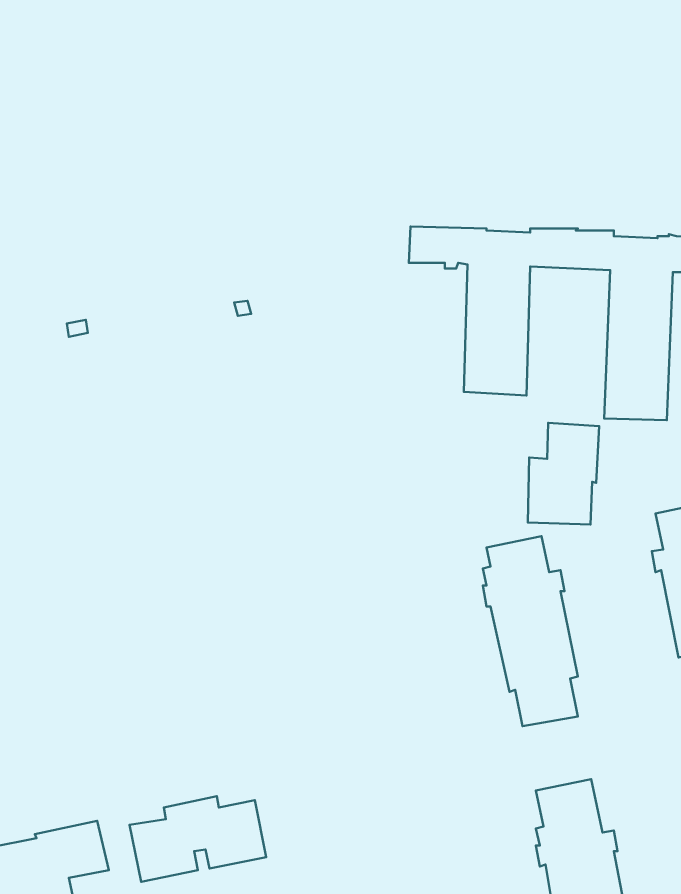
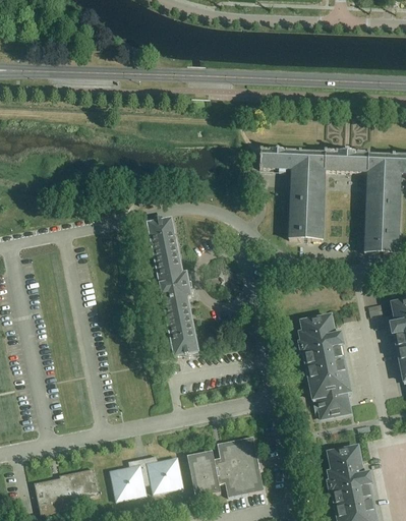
building: none -> [148,219,198,356]
building: [528,423,599,525] -> none
building: none -> [187,436,264,497]

